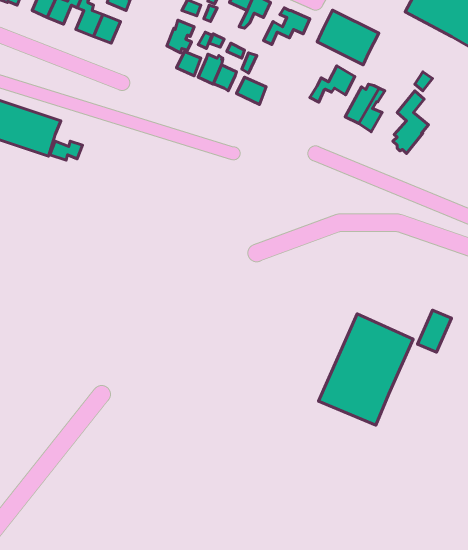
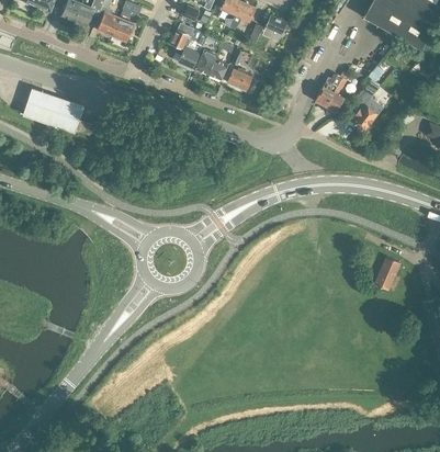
building: [317,10,379,65] -> none
building: [310,66,355,102] -> none
building: [319,314,413,425] -> none

